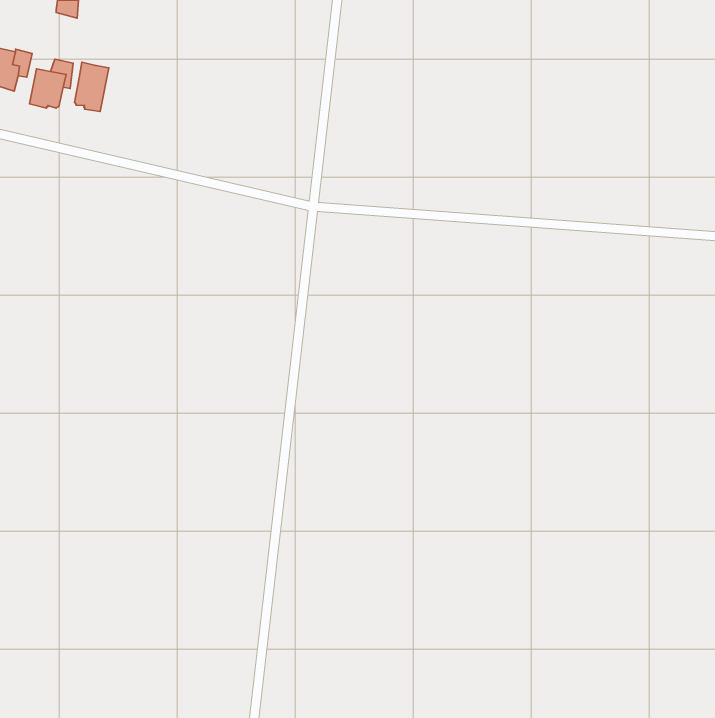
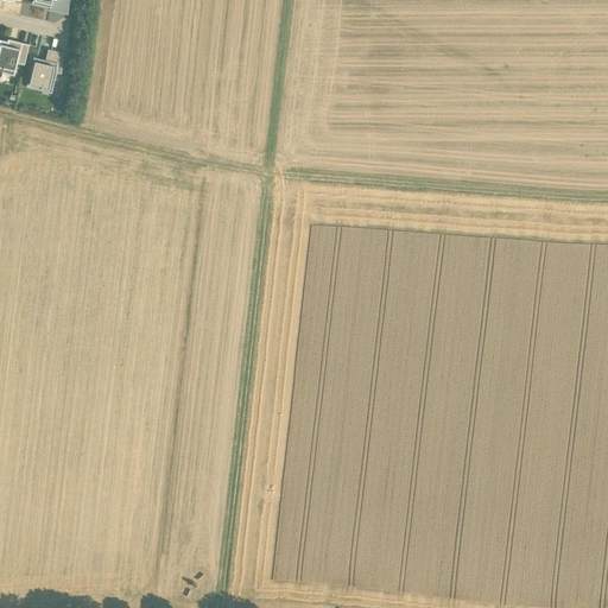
building: [74,62,109,111] -> none

